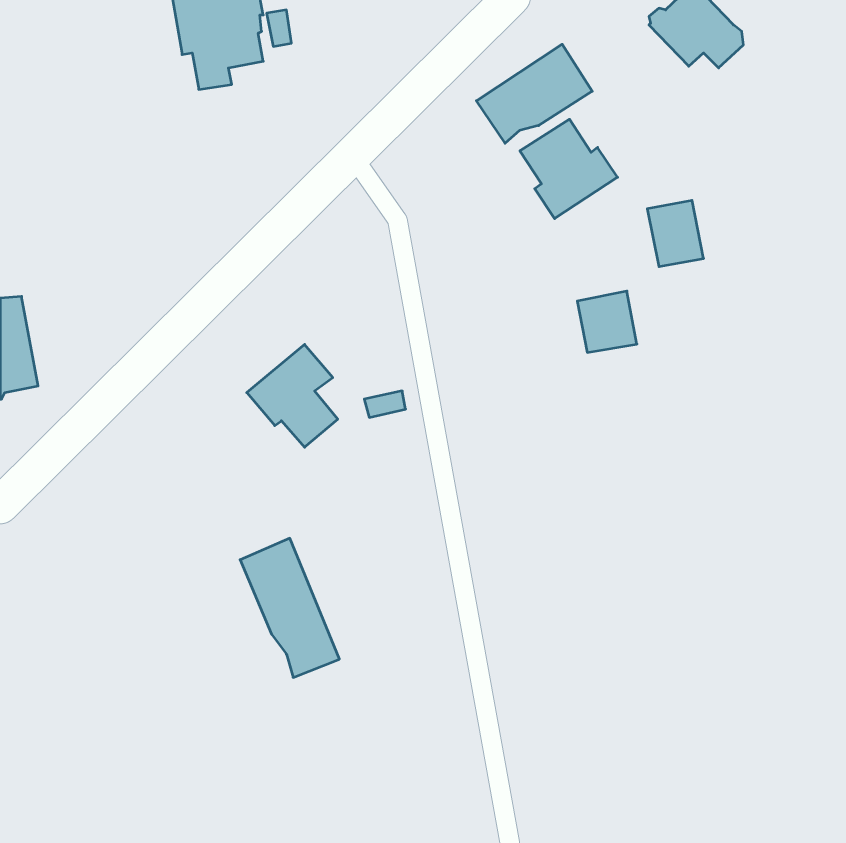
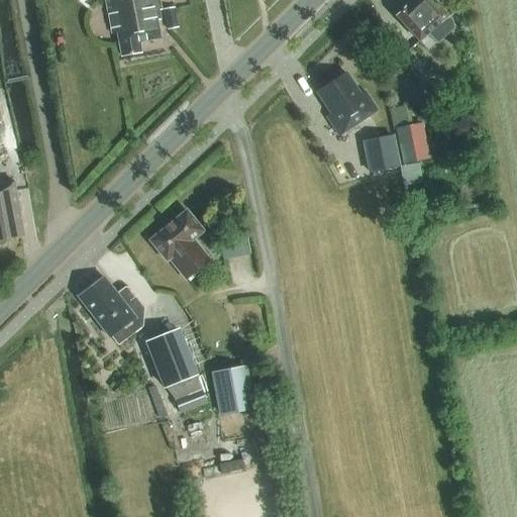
building: [476,44,592,143] -> none
building: [577,291,637,352] -> [363,134,399,172]
building: none -> [78,276,145,346]
building: none -> [214,368,251,411]

